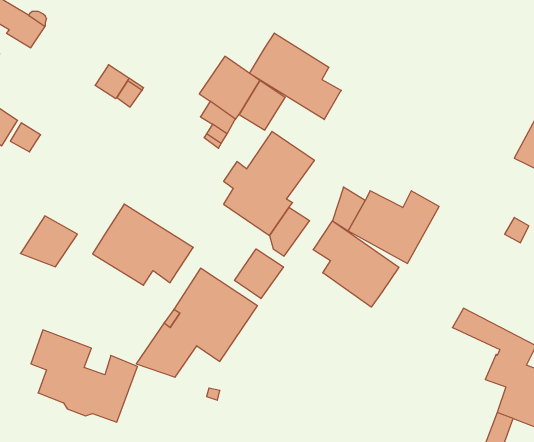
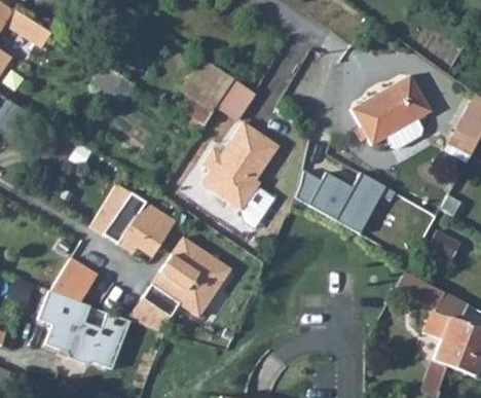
building: [250,33,341,120] -> none
building: none -> [350,74,431,148]
building: [20,216,77,267] -> [49,258,98,301]
building: [313,221,399,307] -> none
building: [235,249,283,299] -> none

